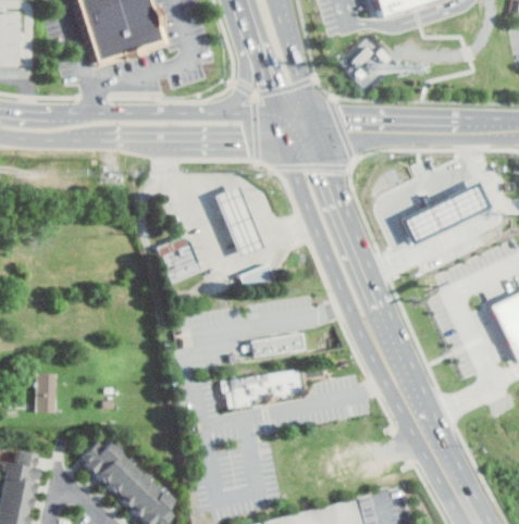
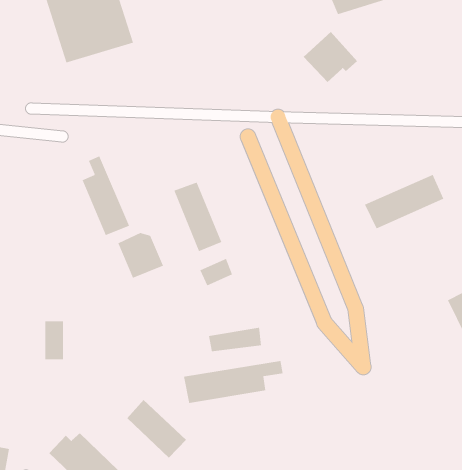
building: none -> [82,156,130,236]
building: [39,374,59,413] -> [45,321,64,360]
building: none -> [127,399,187,459]

